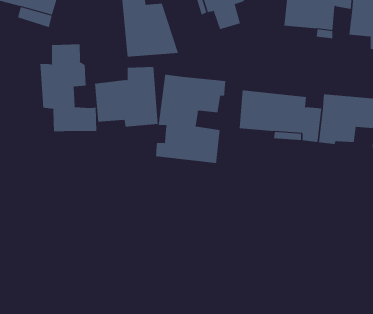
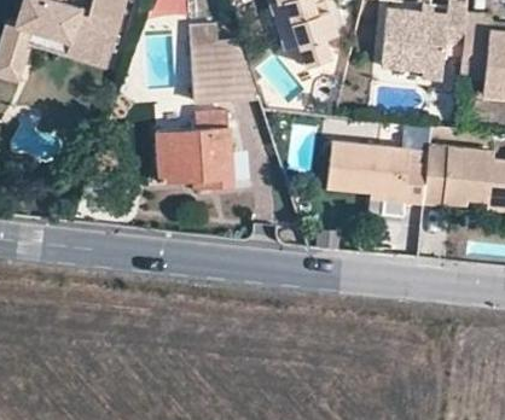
building: [40,43,97,132] -> none
building: [155,74,226,164] -> none

